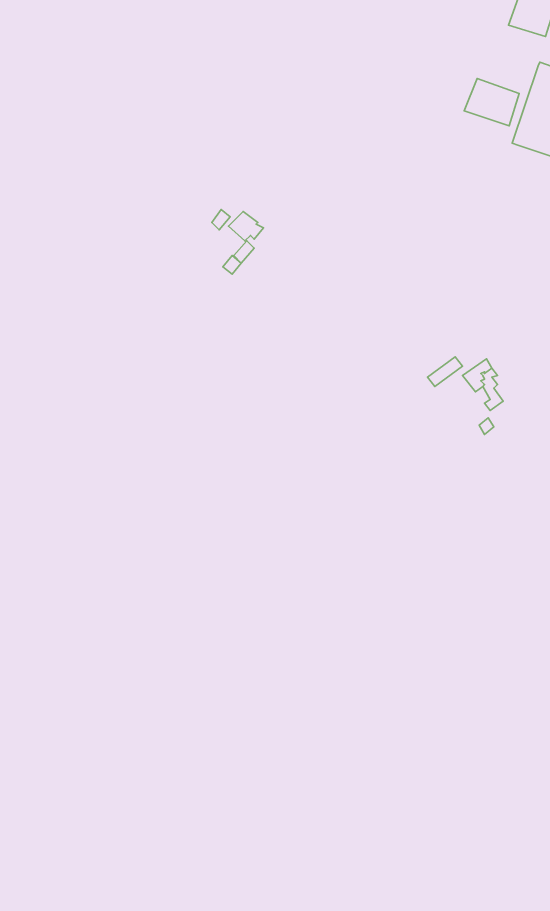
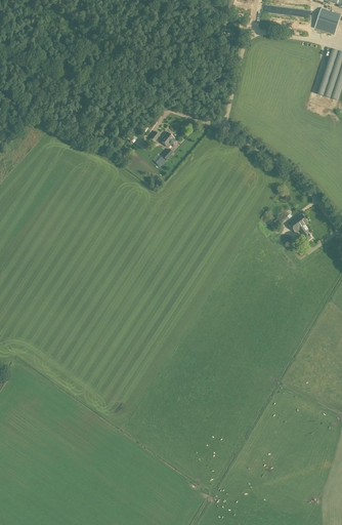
building: [464,78,519,126] -> none

